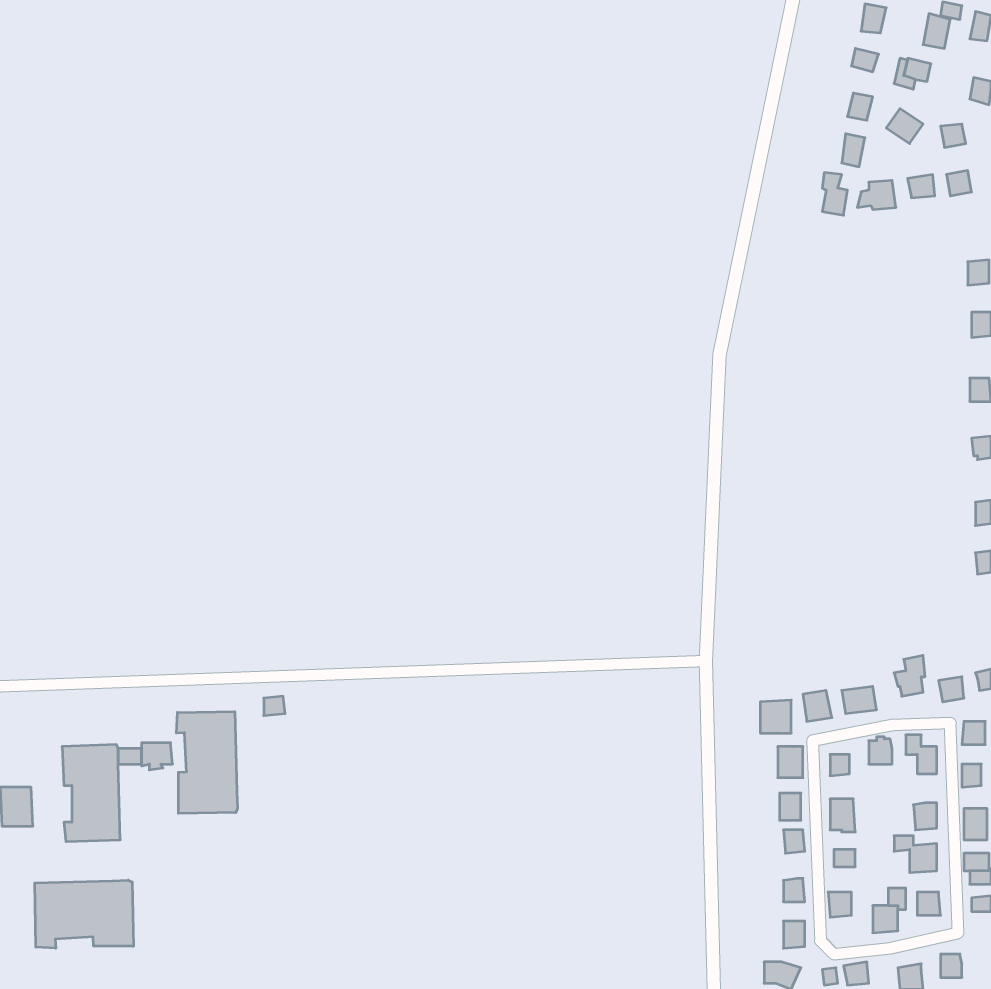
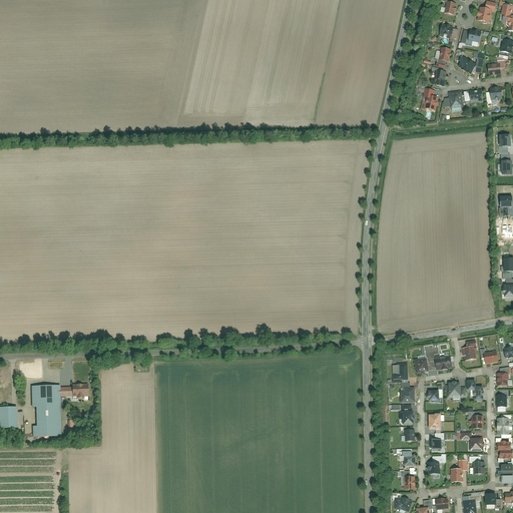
building: [176,712,238,813] -> none
building: [35,880,133,948] -> none

